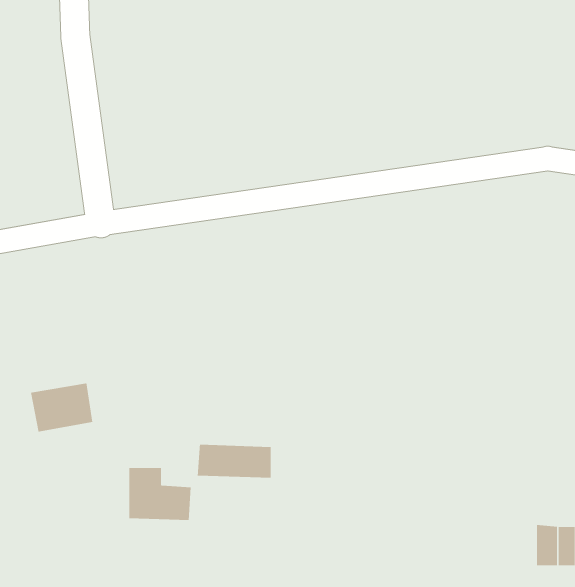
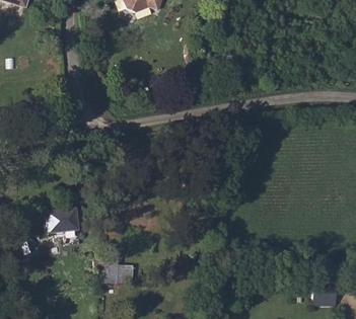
building: [197,444,271,478] -> none

